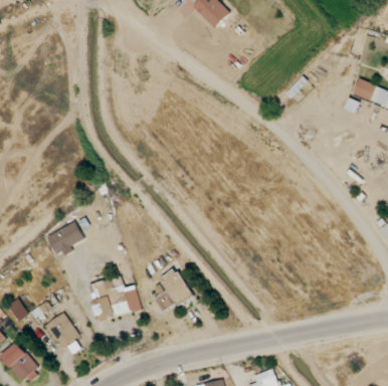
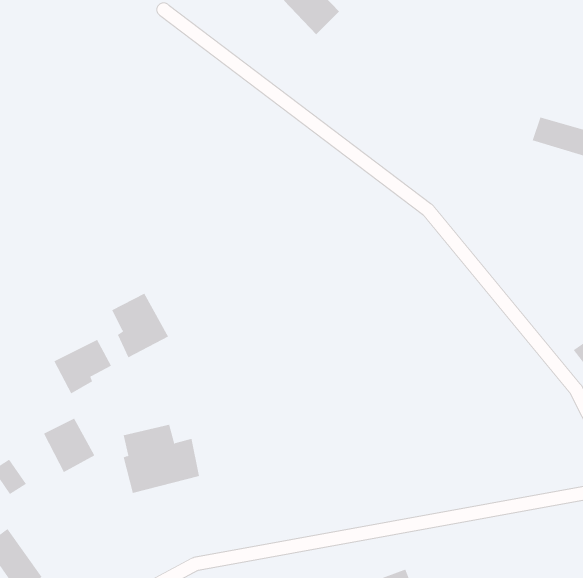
building: none -> [112,293,169,358]
building: [155,268,192,312] -> none
building: [45,314,78,349] -> [43,418,95,473]

